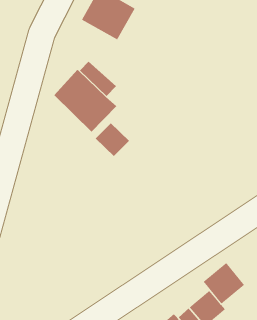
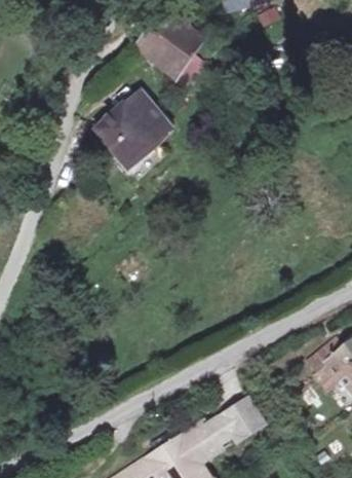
building: [95,122,130,157] -> none
building: [203,262,245,304] -> none

